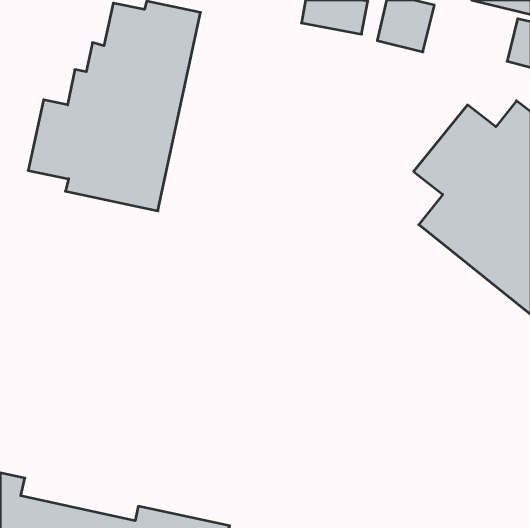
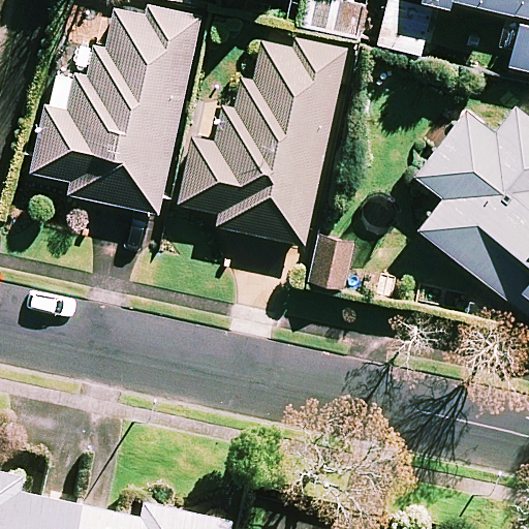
building: none -> [177,36,346,245]

